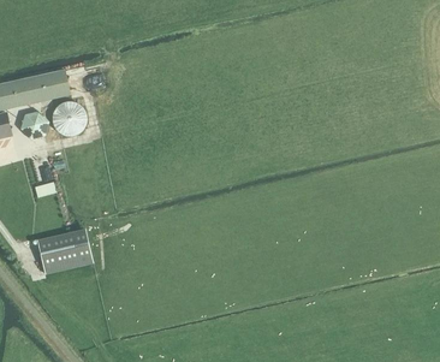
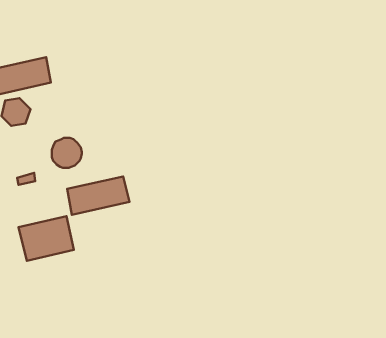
building: [55,106,85,136] -> [52,138,82,168]
building: none -> [67,176,129,215]

